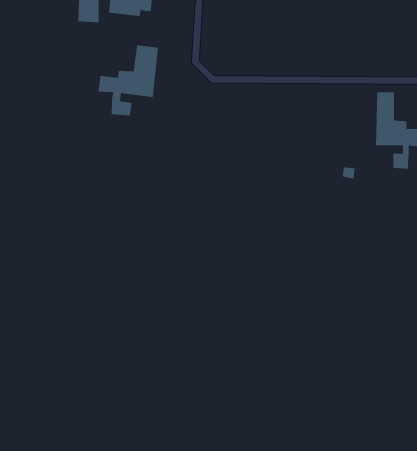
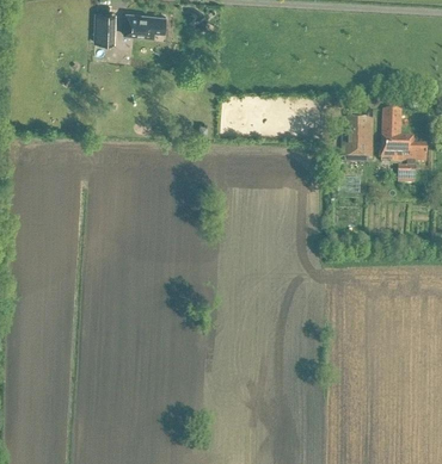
building: [98,45,159,116] -> none
building: none -> [342,118,374,159]

